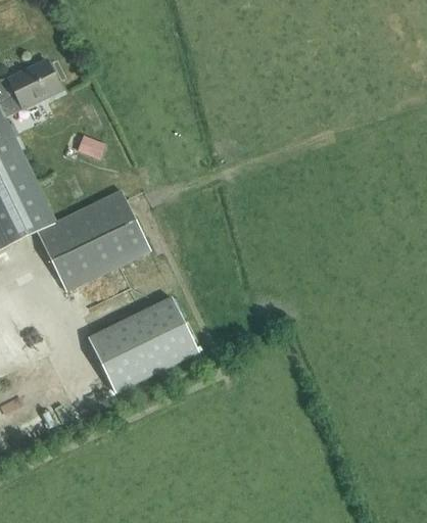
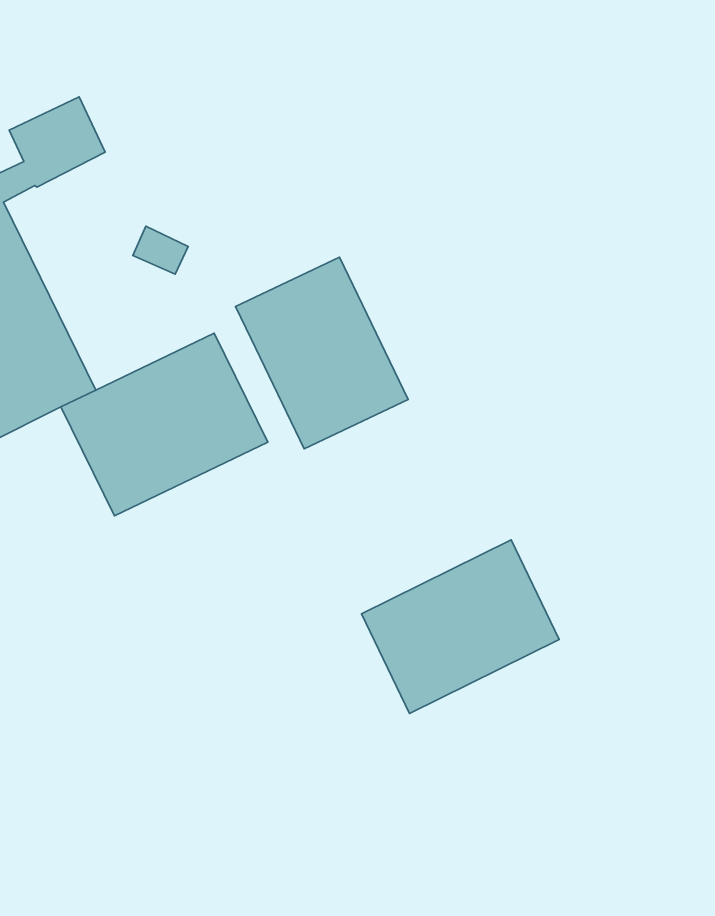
building: none -> [235,257,408,449]
building: [89,296,198,392] -> [361,540,559,713]

